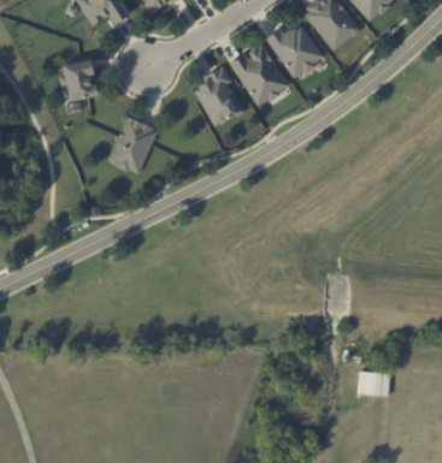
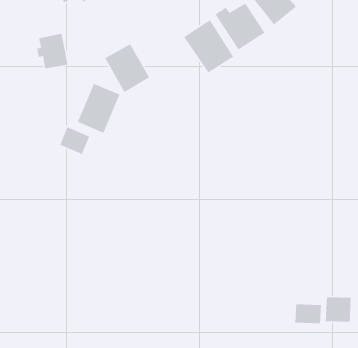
building: [193,70,246,127] -> [104,43,150,93]
building: none -> [59,126,90,155]
building: none -> [325,296,351,323]

